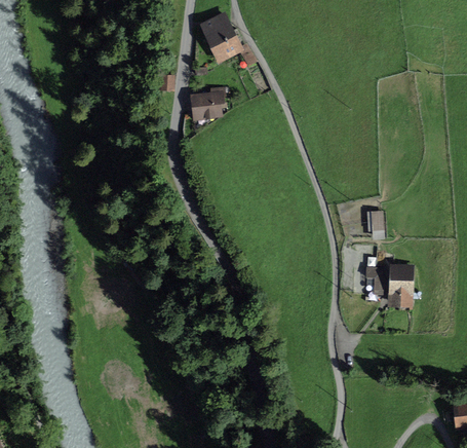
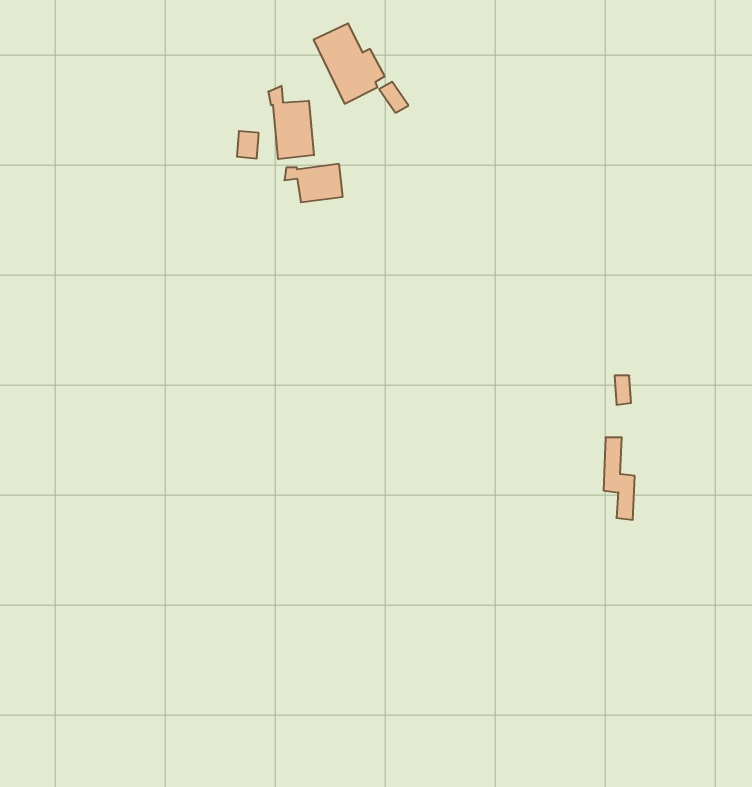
building: none -> [268,86,314,159]
building: [390,267,412,303] -> none

